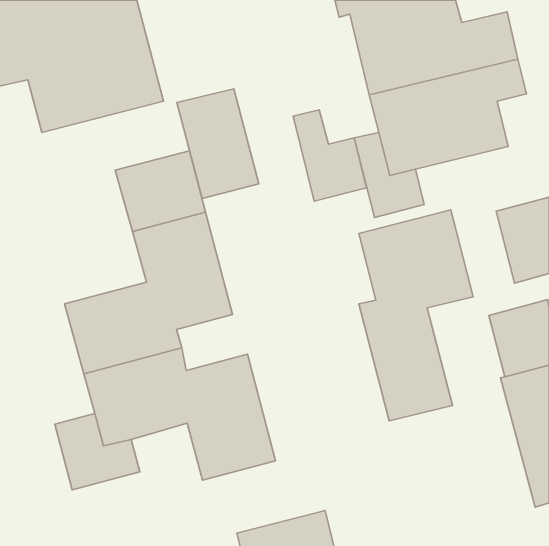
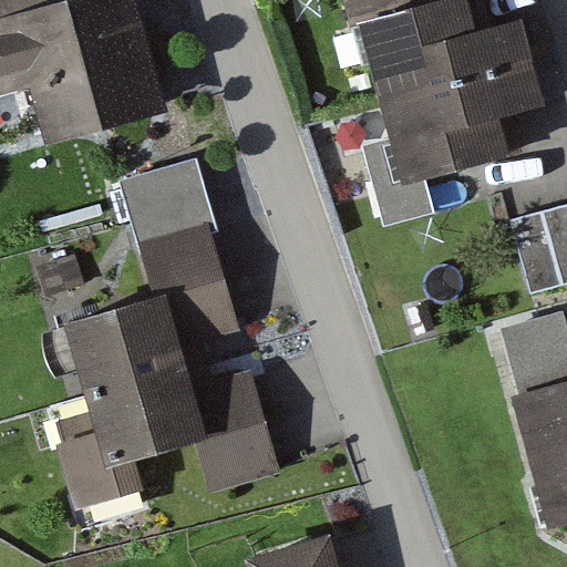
building: [177,89,259,199] -> none
building: [293,110,366,201] -> none
building: [359,210,473,421] -> none

